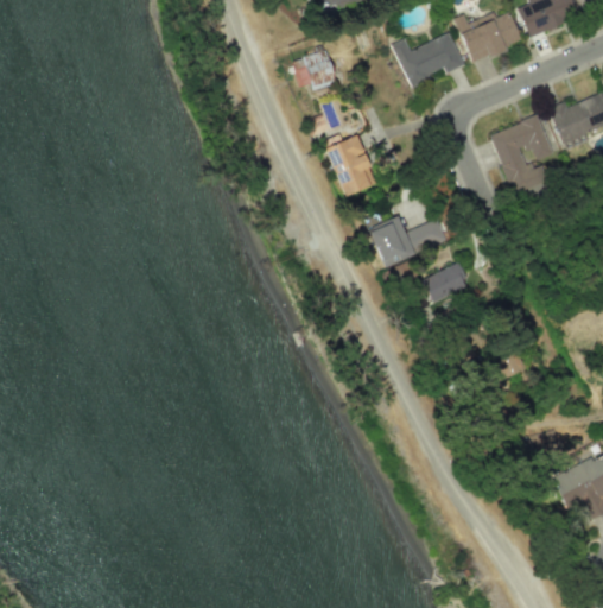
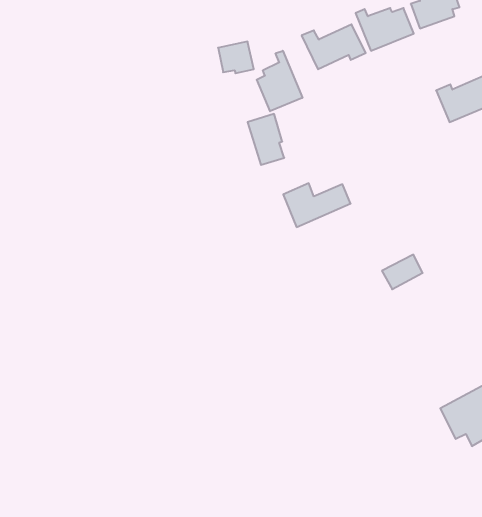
building: none -> [257,51,302,111]
building: [490,115,554,195] -> none
building: [423,261,470,302] -> [382,255,423,289]

